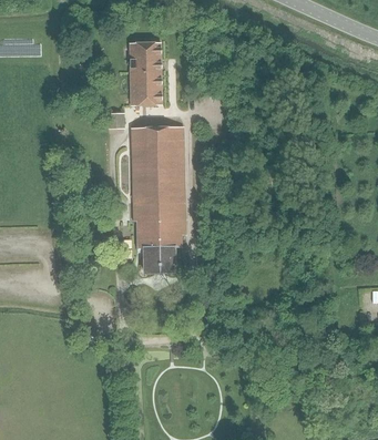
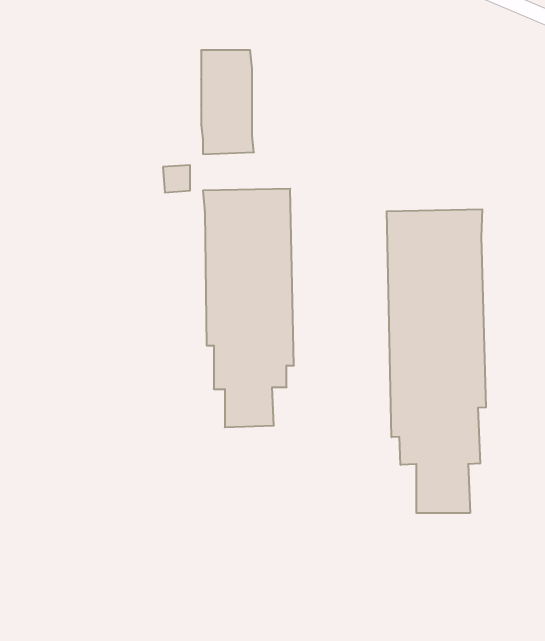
building: none -> [387,209,486,513]

